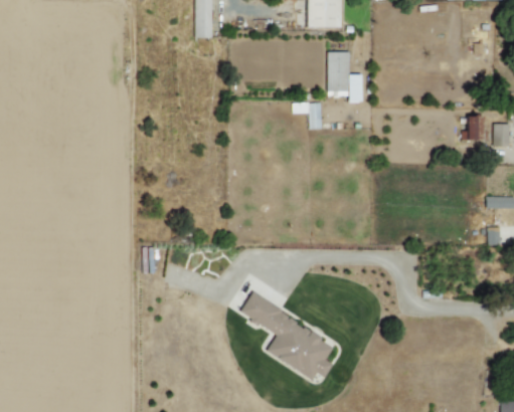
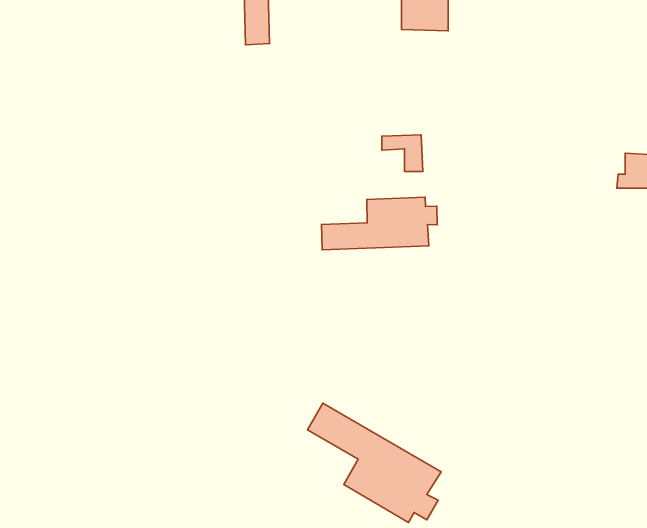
building: [328,51,363,101] -> none
building: none -> [321,197,437,250]

